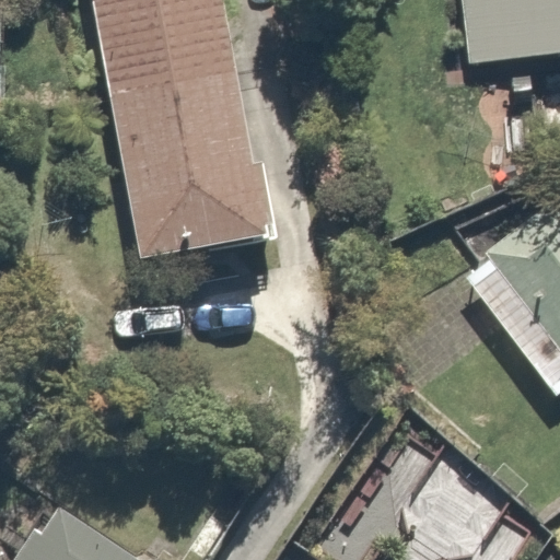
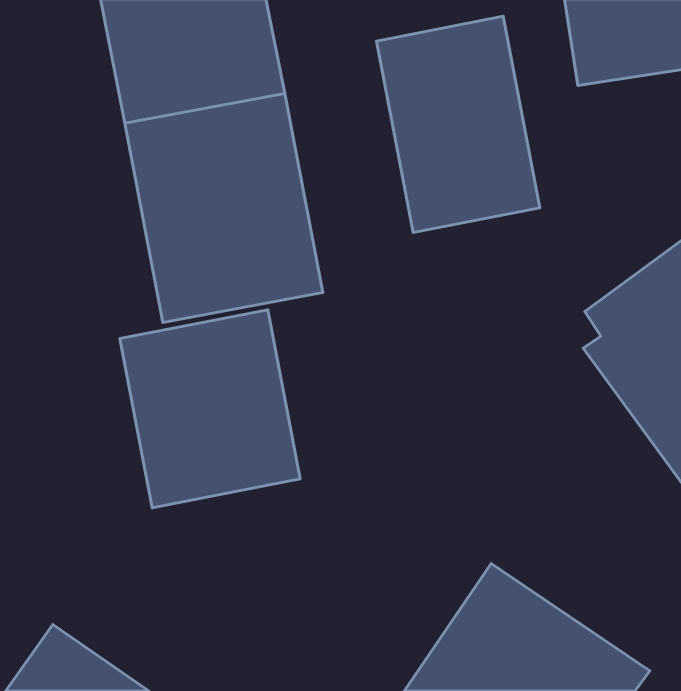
building: none -> [377,16,540,233]
building: none -> [120,310,300,508]

